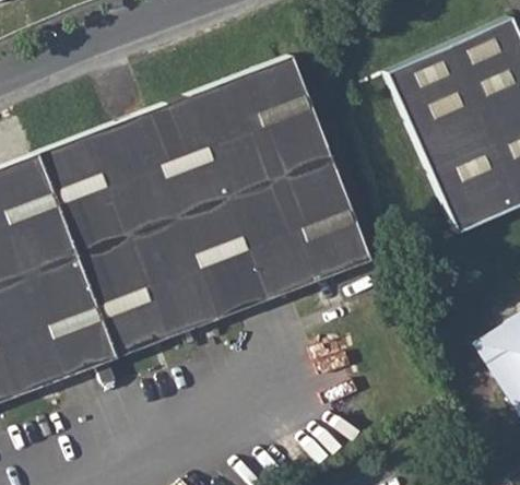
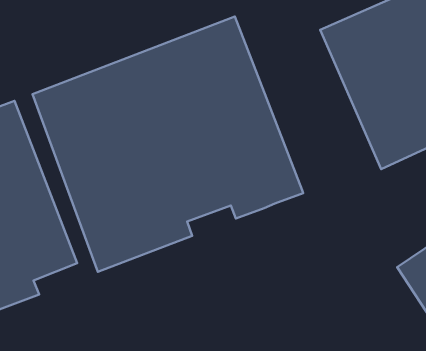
building: [36,146,132,357] -> none

